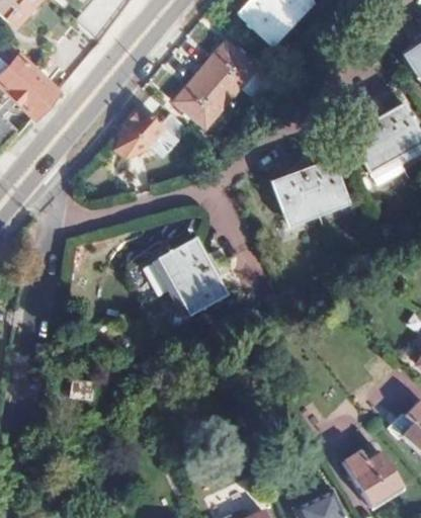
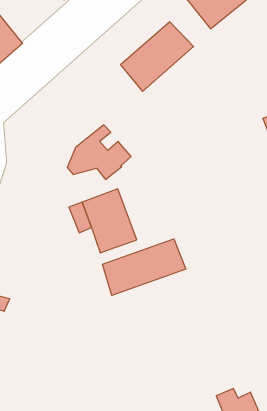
building: [115,92,186,154] -> [67,125,131,179]
building: [268,158,344,223] -> none
building: none -> [102,239,186,296]

